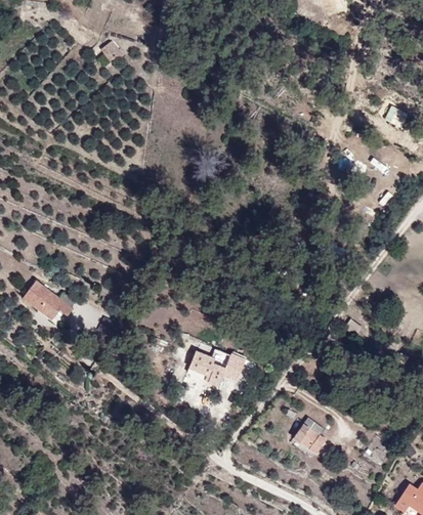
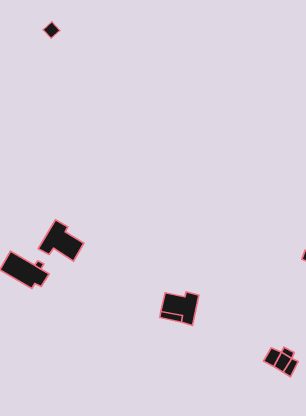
building: none -> [38,220,84,261]

